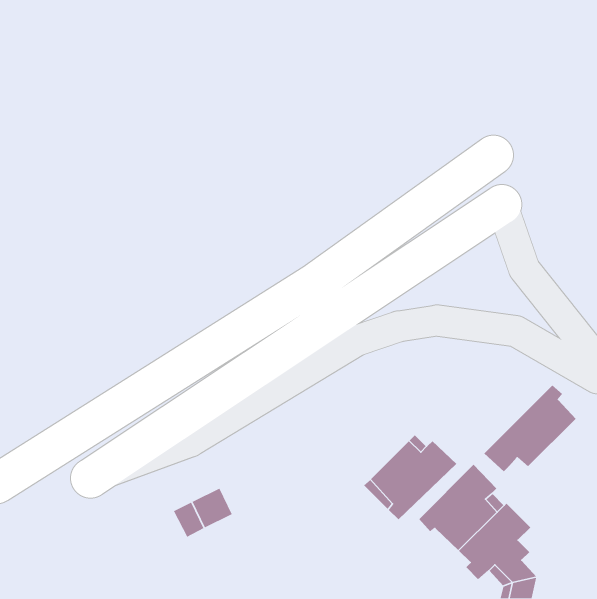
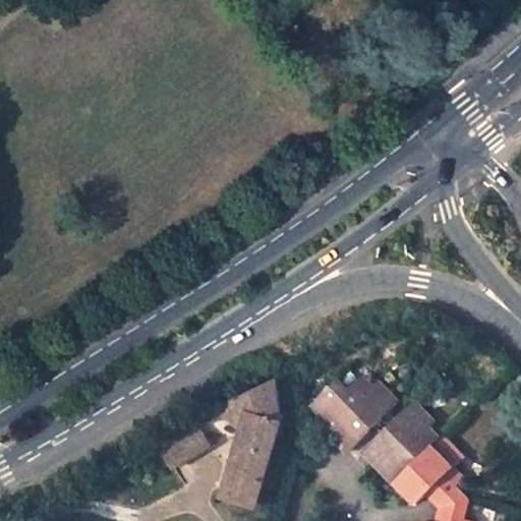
building: [484,385,576,472] -> none
building: none -> [219,380,280,504]

